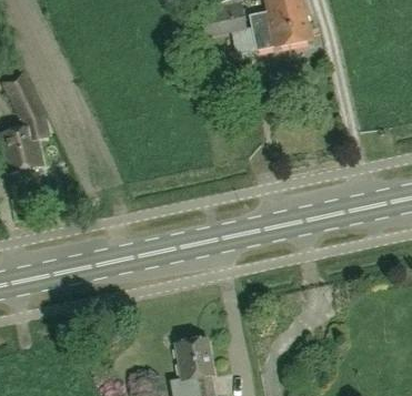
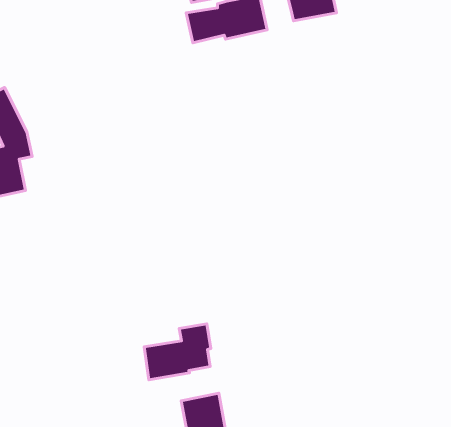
building: [250,10,313,49] -> none
building: none -> [144,324,211,380]

